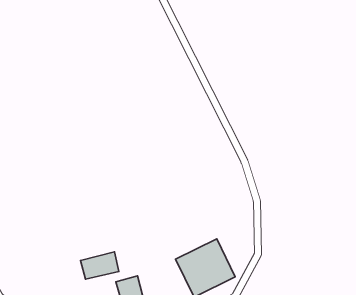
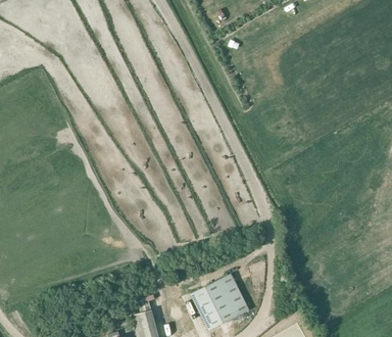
building: [81,252,119,279] -> none

